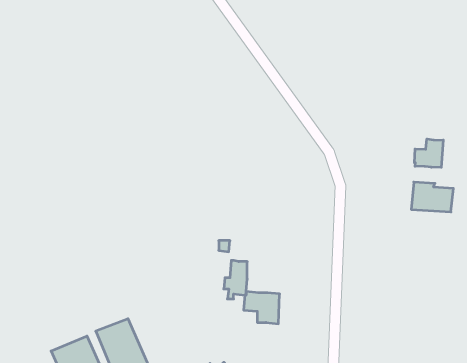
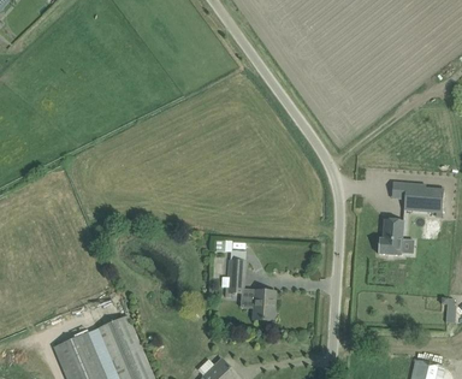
building: [414,139,443,167] -> none
building: none -> [378,218,404,254]

